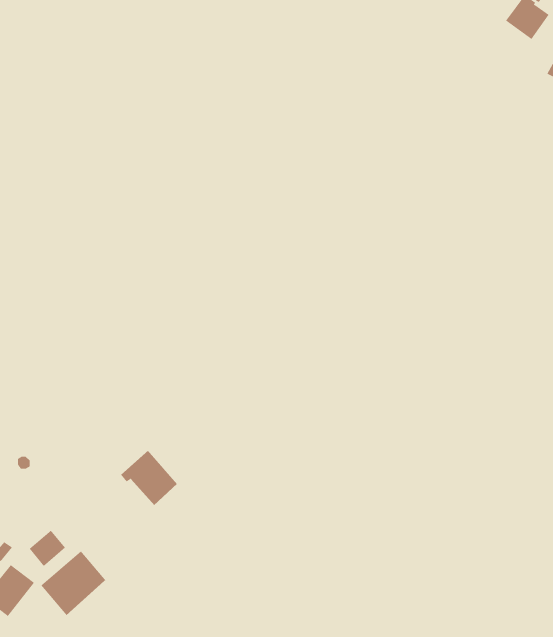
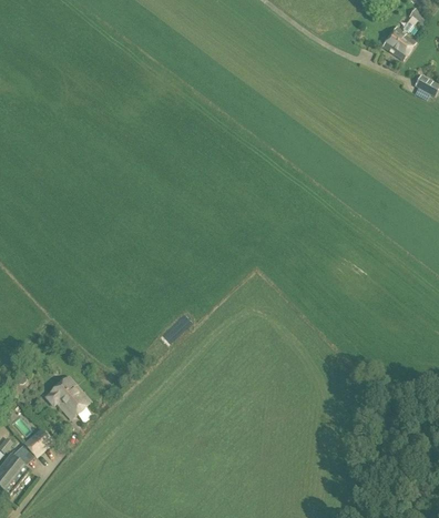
building: [120,450,178,506] -> [45,376,89,418]
building: [41,550,107,616] -> none

